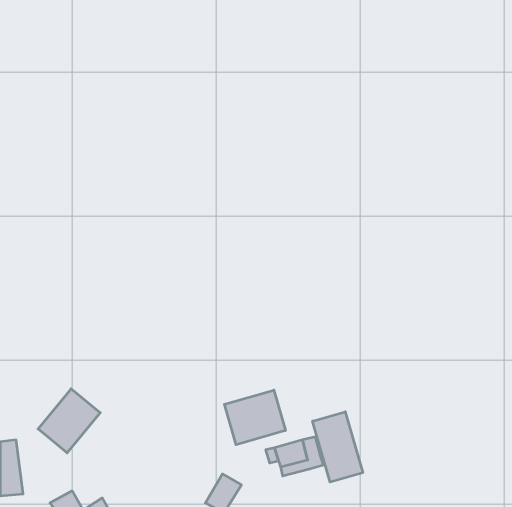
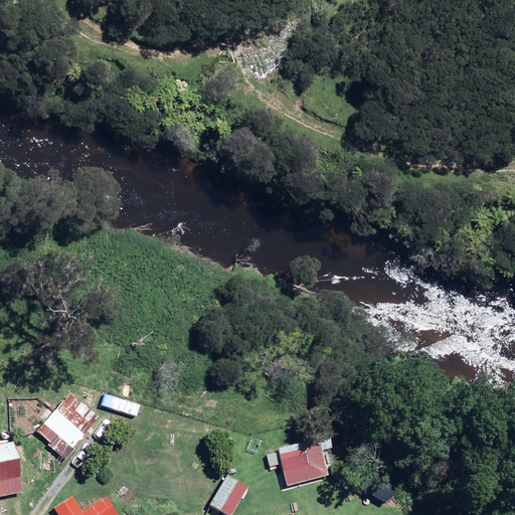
building: [224,390,285,445] -> none
building: [313,412,363,482] -> none

